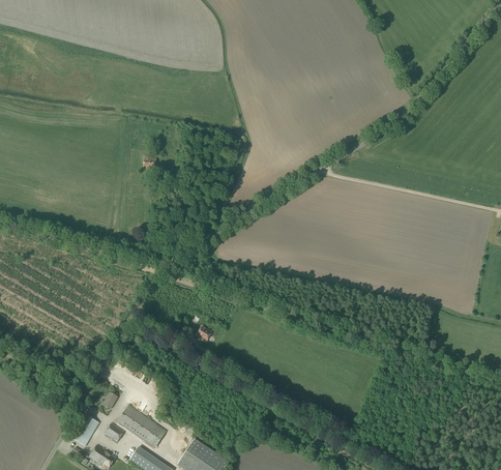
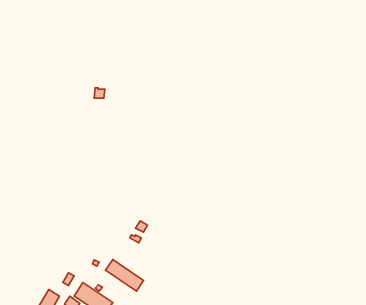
building: none -> [105,259,143,291]

